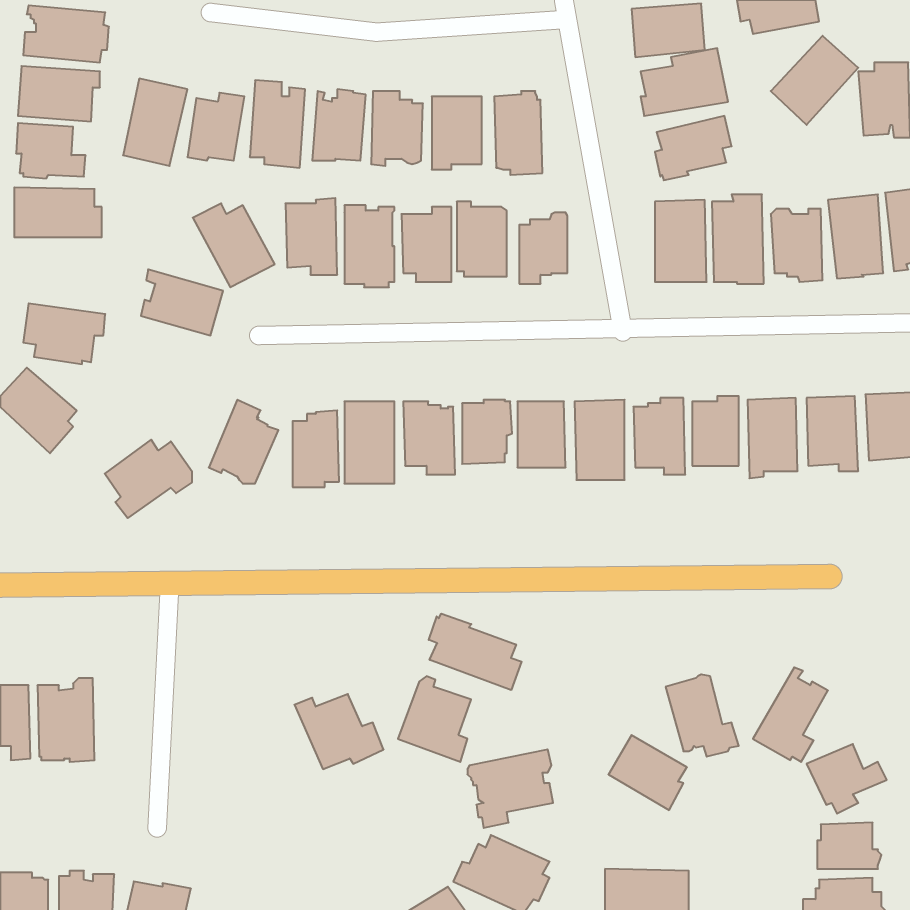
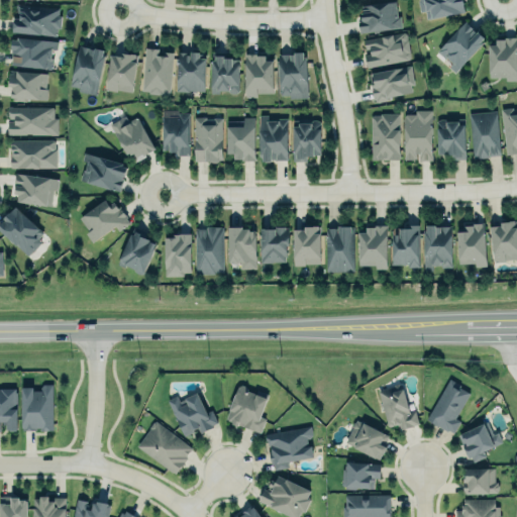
building: none -> [12,139,58,169]
building: [105,440,192,518] -> [80,199,129,243]
building: [429,614,522,690] -> none
building: none -> [137,420,192,473]
building: none -> [342,460,382,490]

